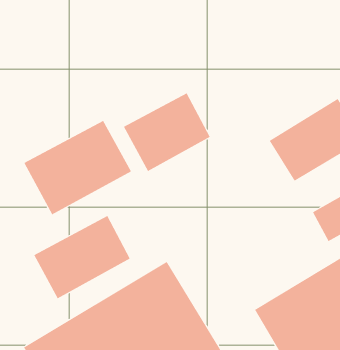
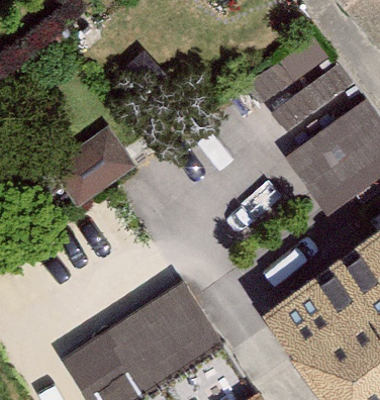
building: [123,92,211,172] -> none
building: [33,215,131,299] -> none

